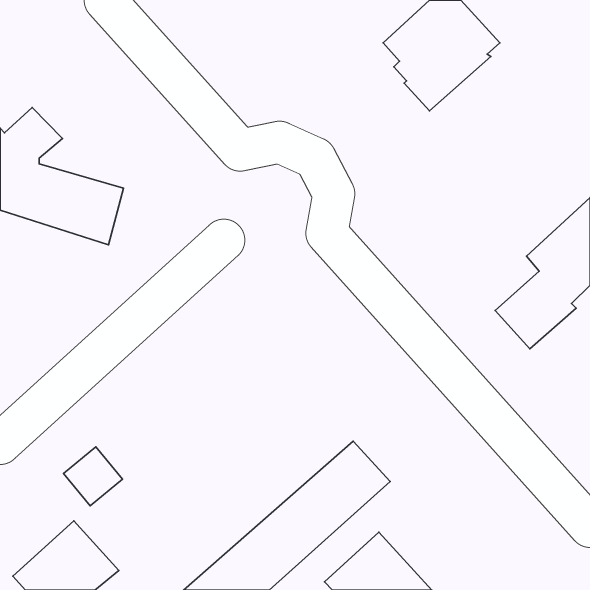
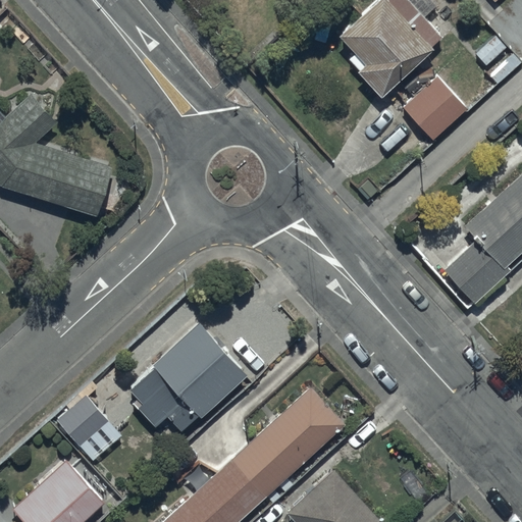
building: none -> [402,75,466,140]
building: none -> [130,323,247,431]

